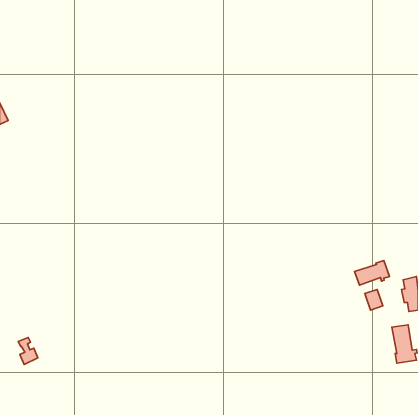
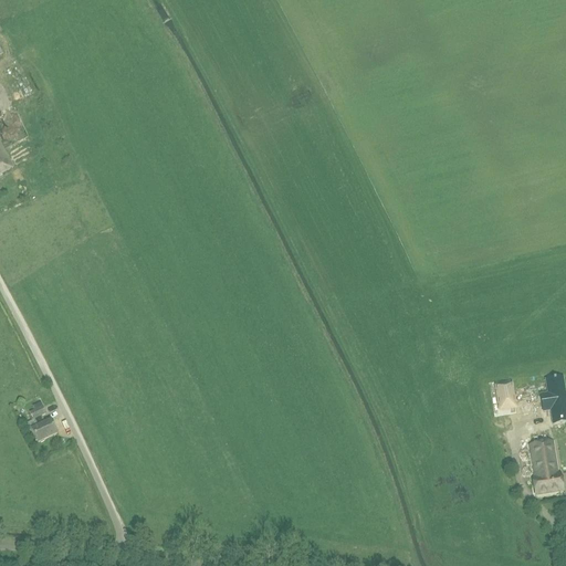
building: [354,260,389,285] -> none
building: [18,337,38,364] -> [29,402,55,439]

